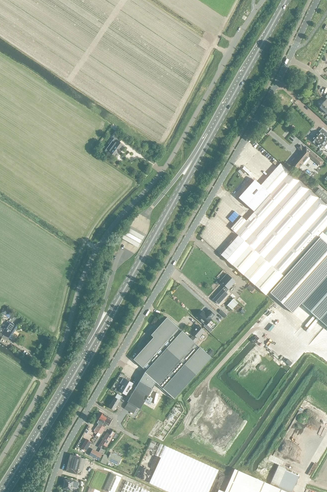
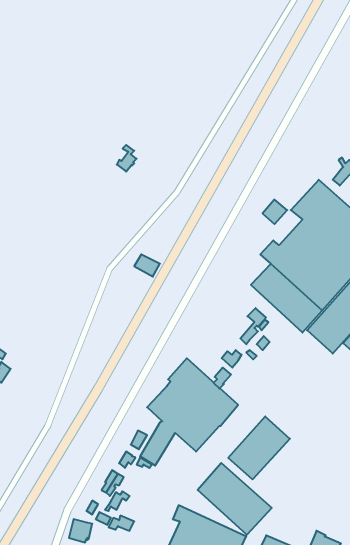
building: none -> [228,416,290,479]
building: none -> [198,463,272,535]

